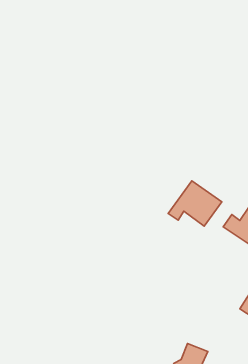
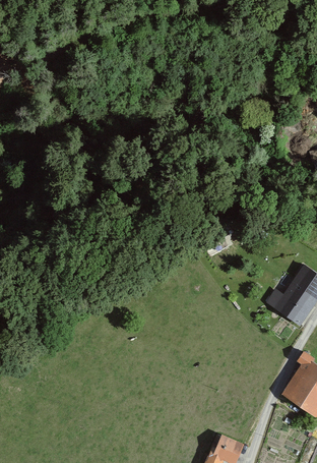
building: [168,181,222,226] -> none

